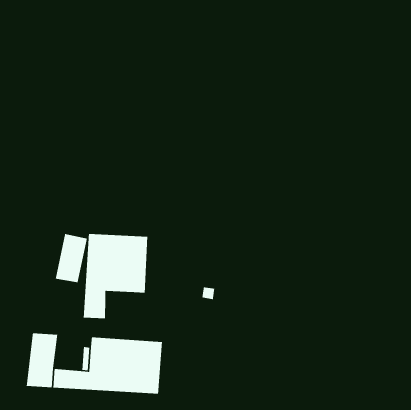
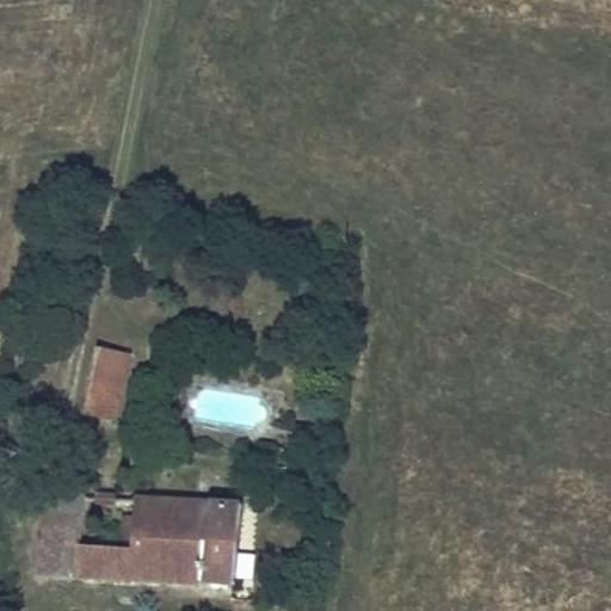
building: [83,233,148,319] -> none

